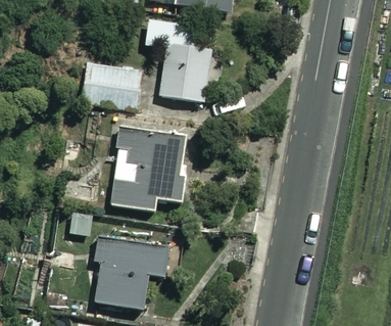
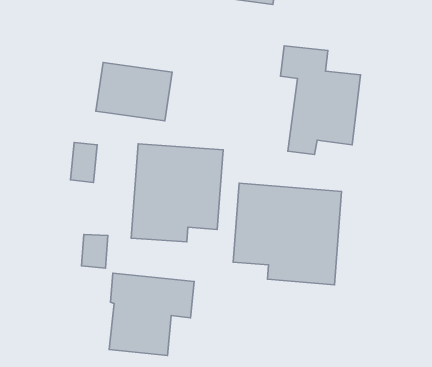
building: [145,18,212,110] -> [281,46,361,155]
building: none -> [233,183,342,285]

